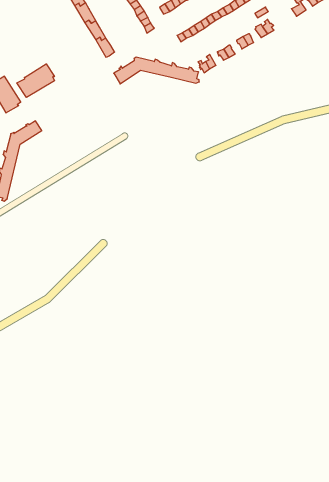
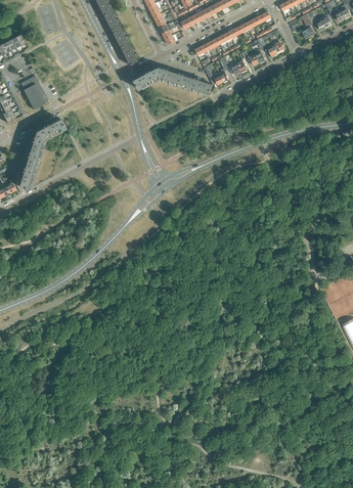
building: [17,64,55,97] -> none

